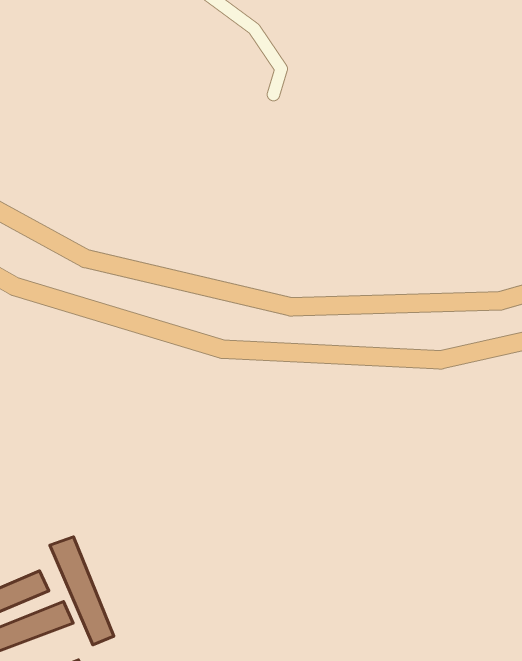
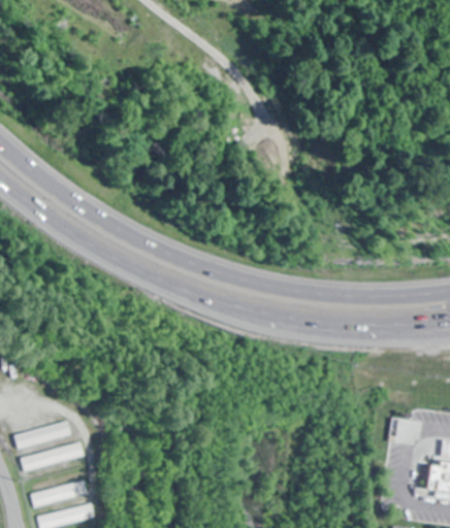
building: [50,537,114,645] -> none

